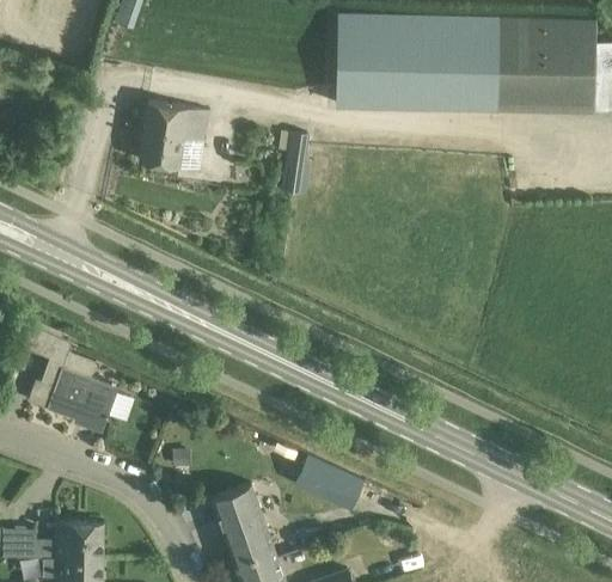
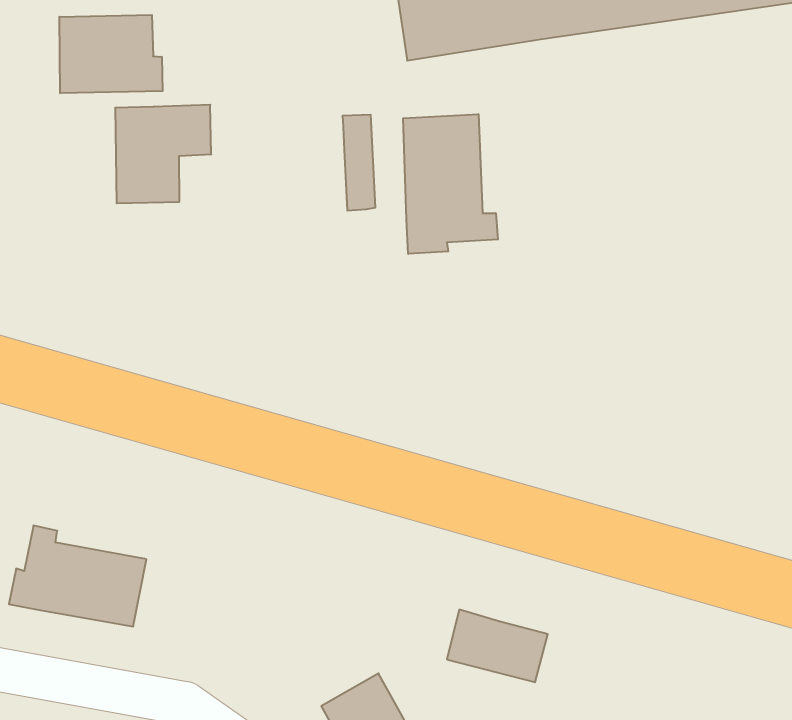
building: none -> [59,15,163,93]
building: none -> [403,114,498,254]

